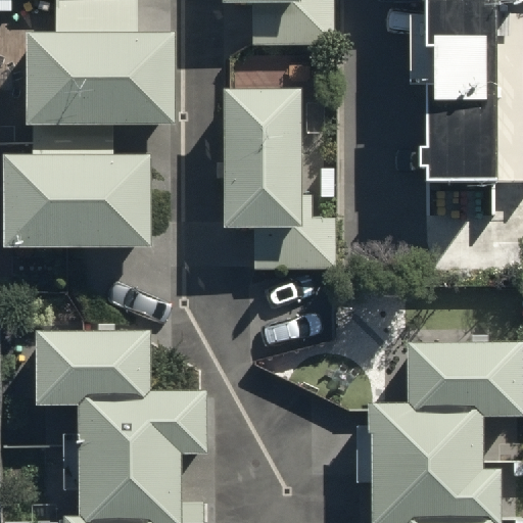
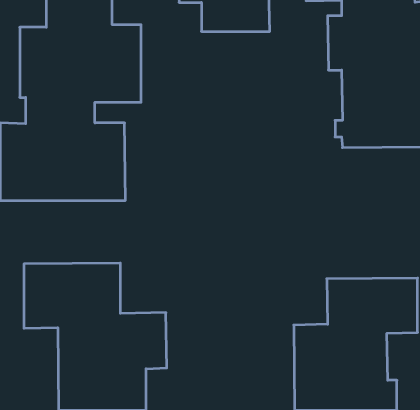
building: [222,85,335,262] -> none

